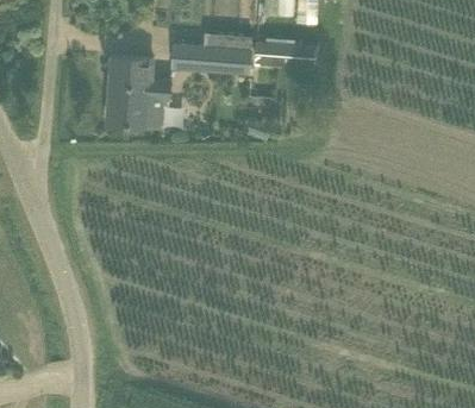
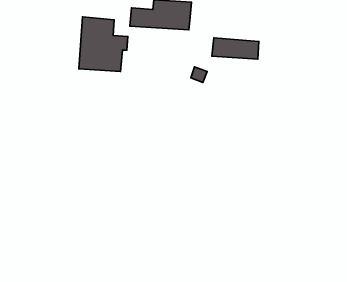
building: [254,40,314,68] -> [212,38,259,59]

